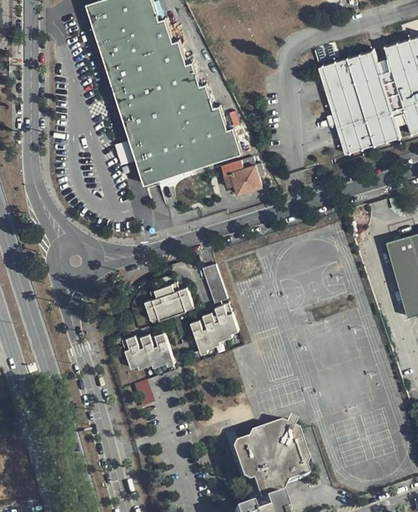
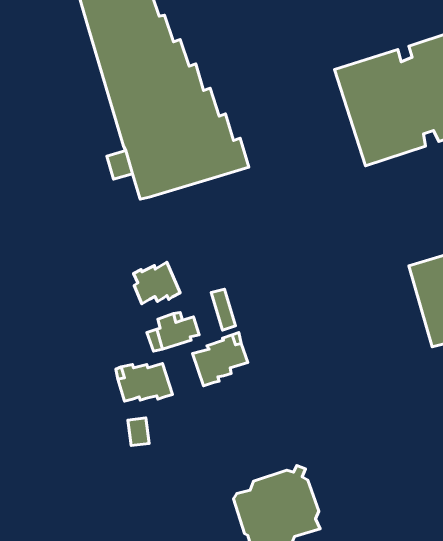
building: [221,160,263,194] -> none
building: none -> [134,262,180,304]

